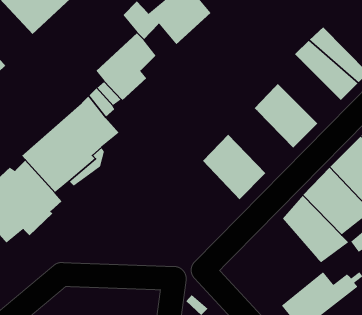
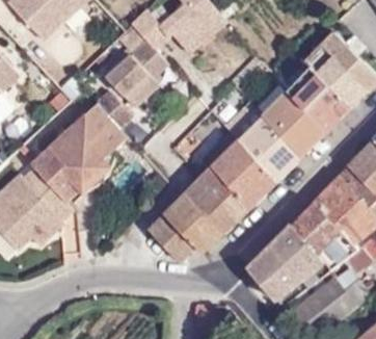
building: none -> [288,67,351,130]
building: none -> [238,114,303,180]
building: none -> [147,167,249,262]
building: none -> [248,226,327,304]

